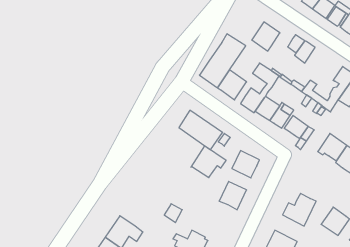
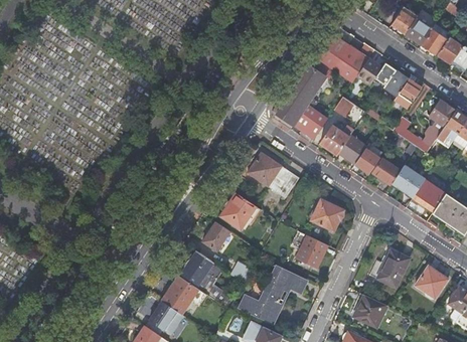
building: none -> [311,33,348,69]
building: none -> [357,58,382,86]
building: none -> [395,74,422,109]
building: [191,146,226,178] -> [219,192,261,229]
building: none -> [202,221,230,251]
building: none -> [178,250,214,288]
building: none -> [264,267,307,301]

